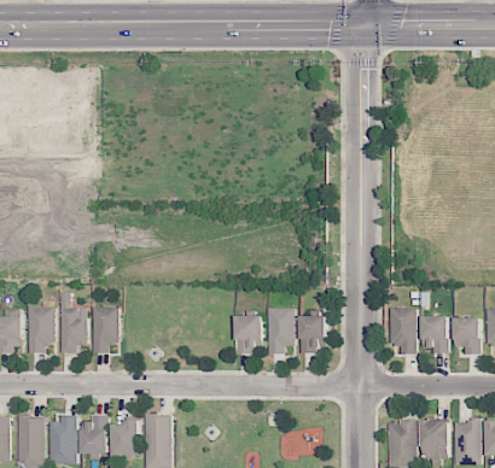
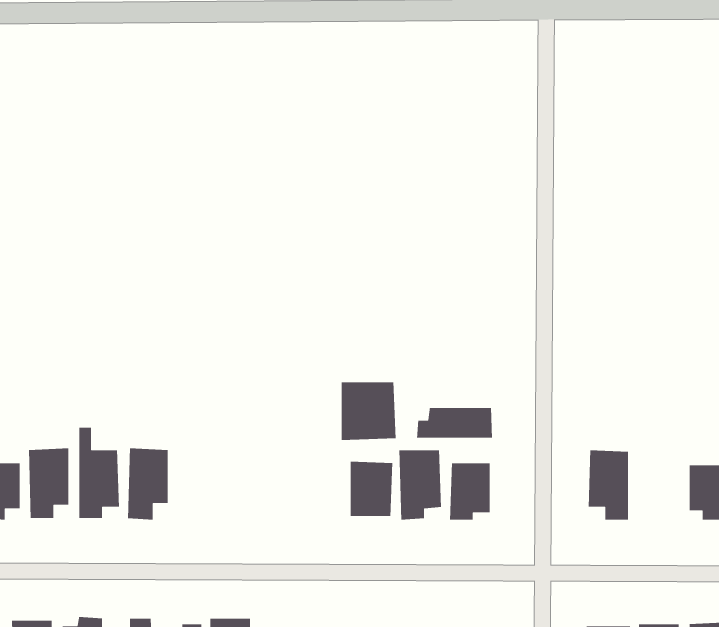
building: none -> [341,382,397,441]
building: none -> [416,407,493,439]
building: [421,315,448,352] -> none

